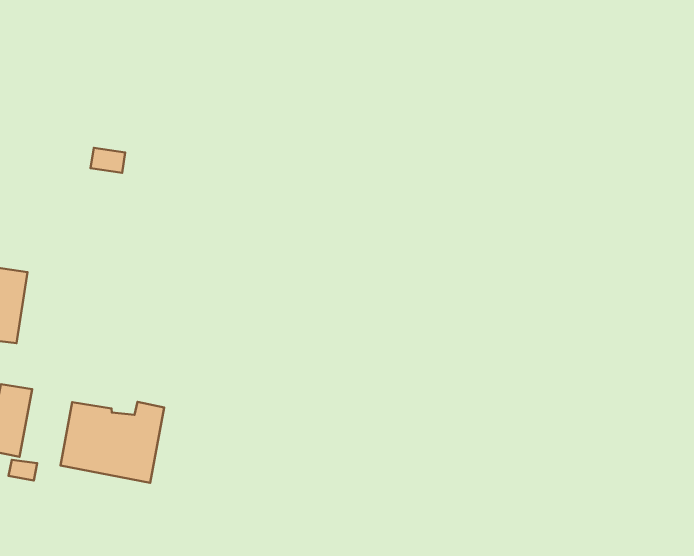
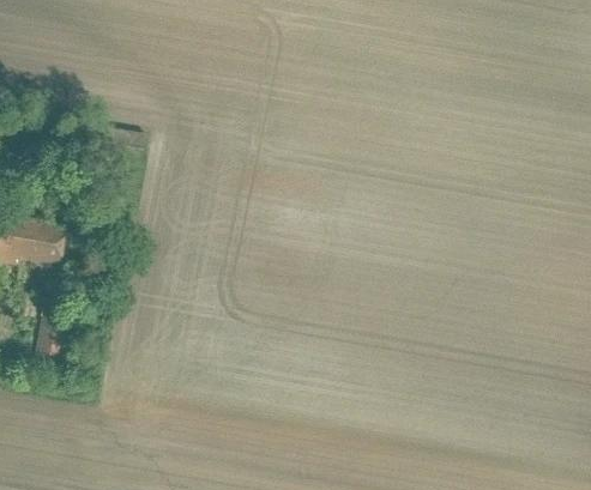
building: [61,402,164,483] -> none

